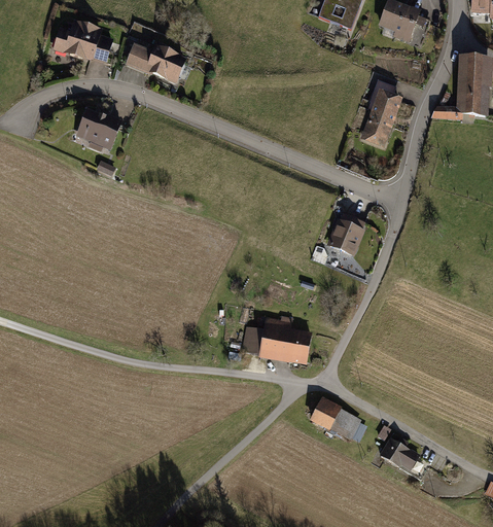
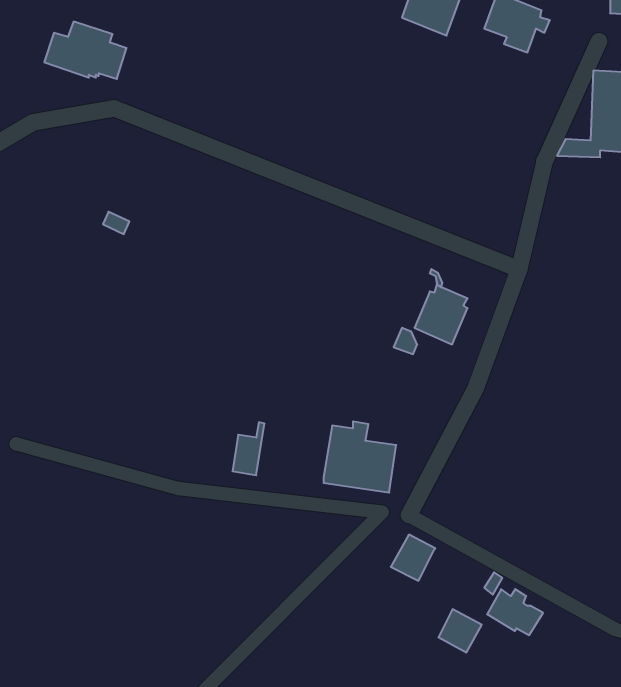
building: [126,43,187,83] -> none
building: [360,80,403,148] -> none
building: [76,107,122,151] -> none
building: [242,316,266,355] -> [232,422,265,475]
building: [330,409,362,441] -> [438,609,482,653]

